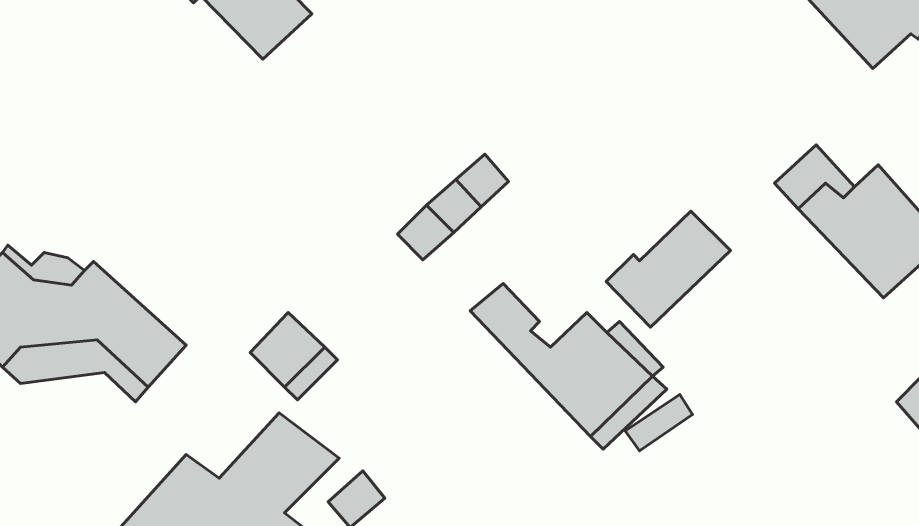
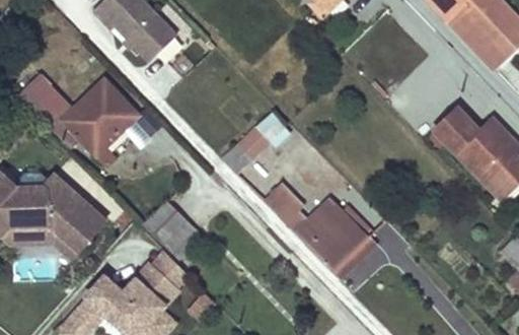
building: none -> [19,76,135,155]
building: [606,211,731,327] -> none

